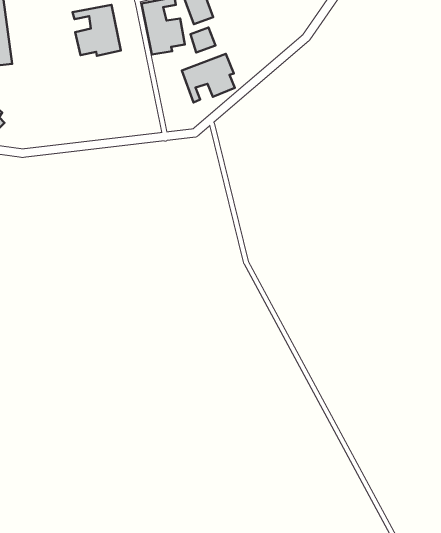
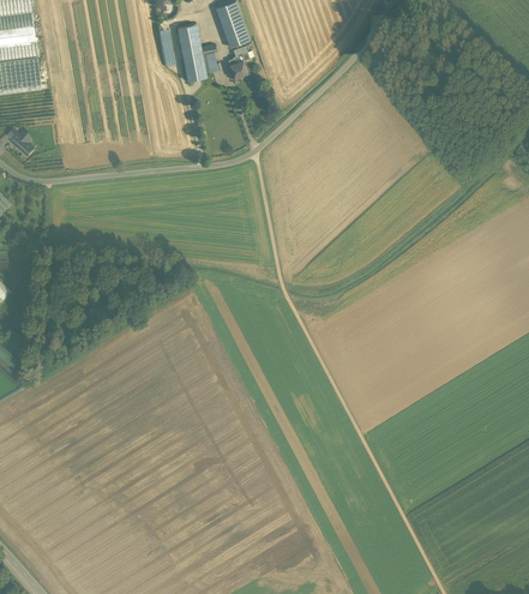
building: [73,5,121,56] -> none
building: [182,54,235,102] -> none

